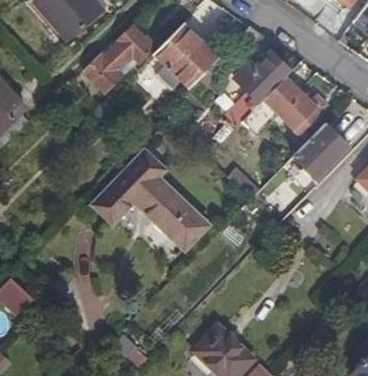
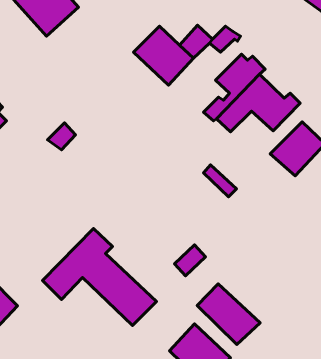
building: [84,29,153,94] -> none
building: [94,153,208,250] -> [42,229,156,326]
building: none -> [197,284,260,344]

